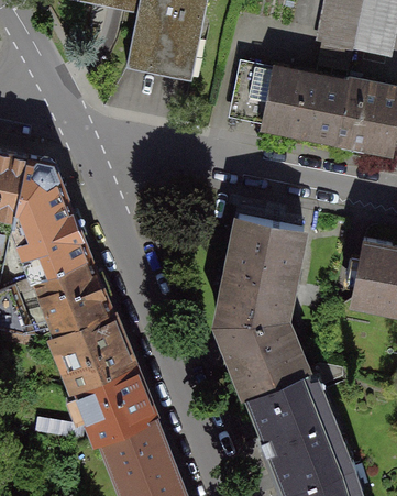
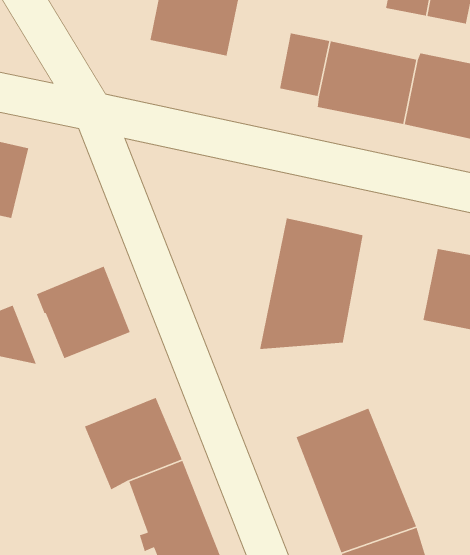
building: [11,159,89,279] -> none
building: [49,311,132,388] -> none
building: [217,320,307,397] -> none

